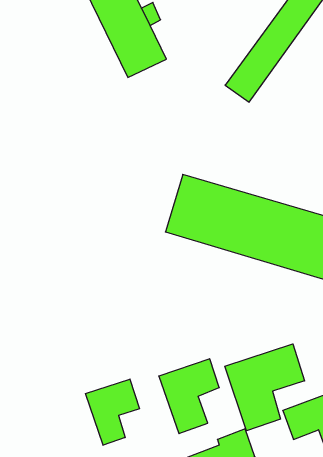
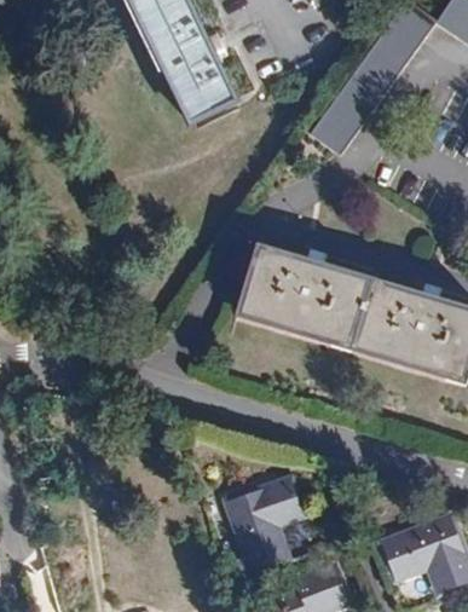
building: [225,344,305,431] -> none
building: [86,379,139,445] -> none

